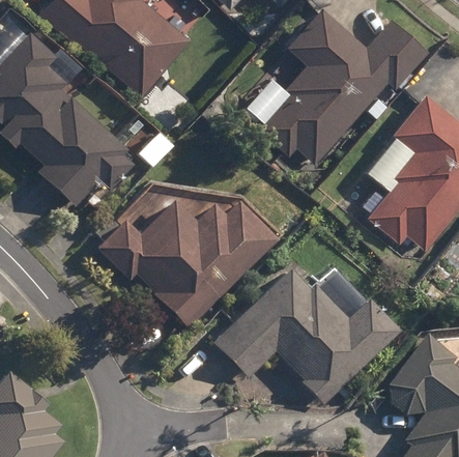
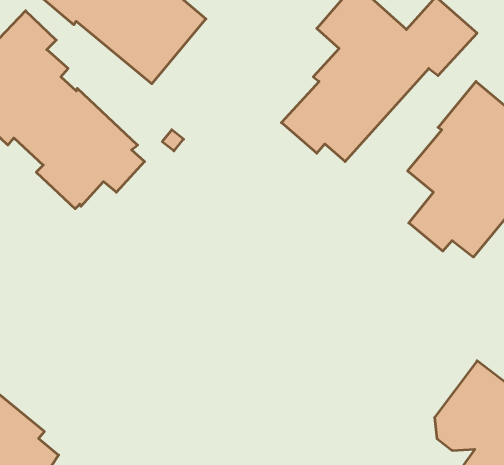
building: [95,195,279,324] -> none
building: [214,266,401,401] -> none

